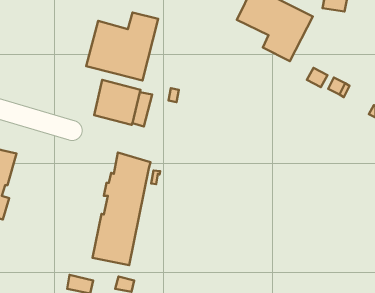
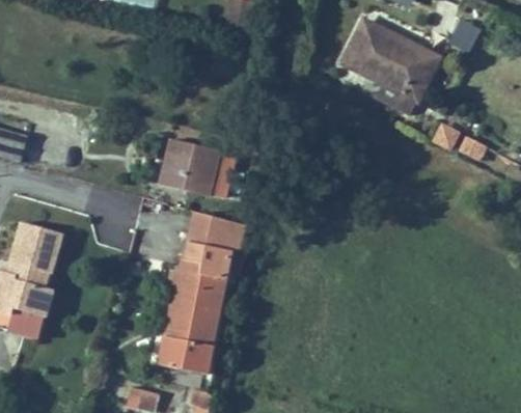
building: [86,13,158,81] -> none
building: none -> [191,211,243,244]

